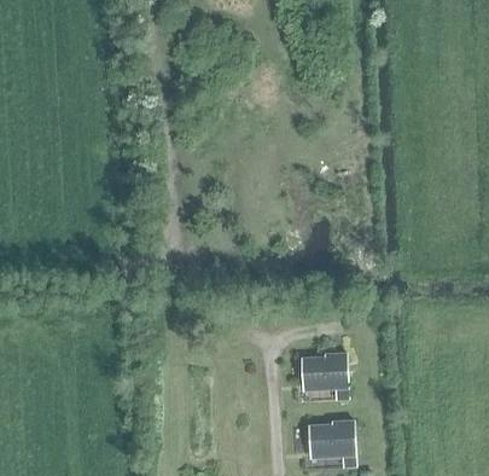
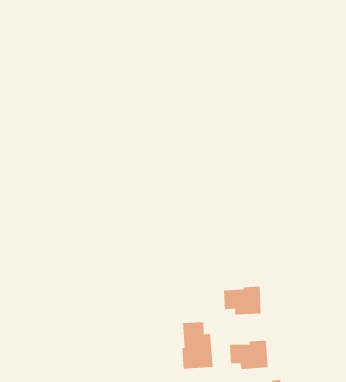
building: none -> [182,321,213,370]

